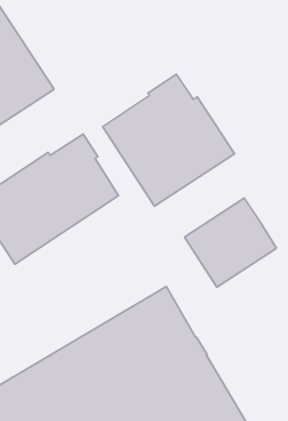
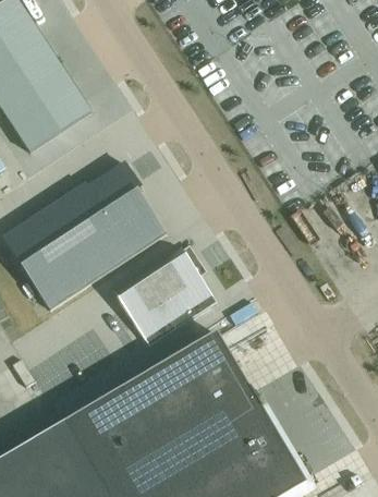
building: [103,74,235,206] -> none
building: [185,198,276,287] -> [114,244,217,343]

